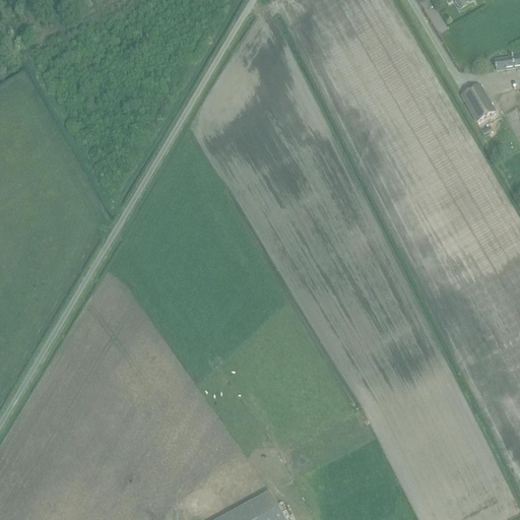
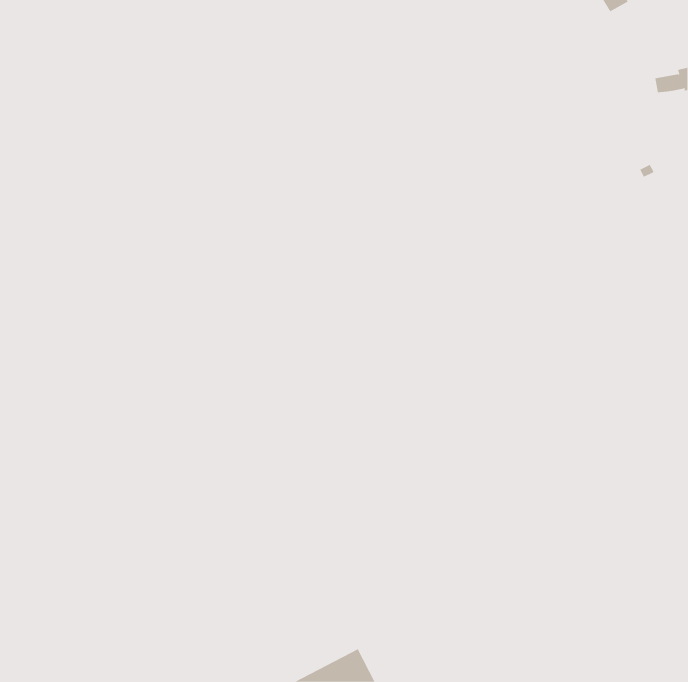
building: [462,83,495,120] -> none

